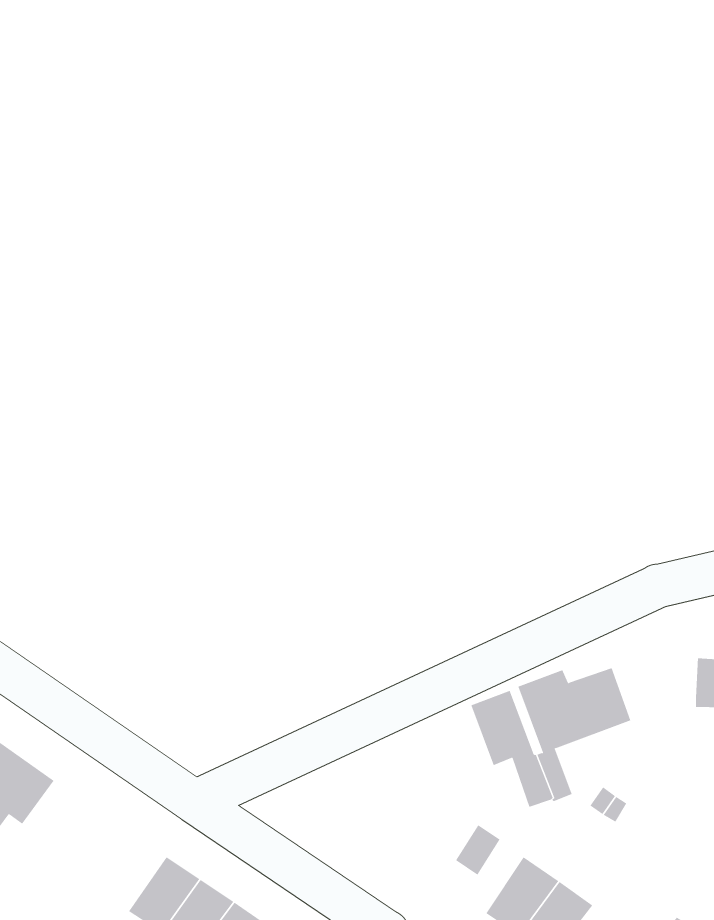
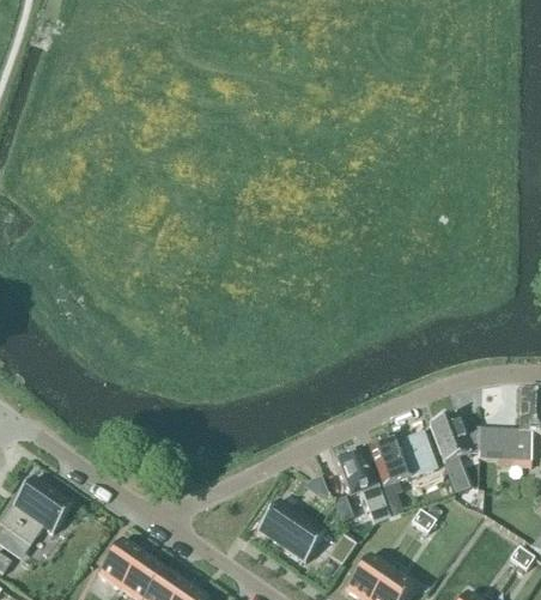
building: none -> [430,413,481,491]
building: none -> [260,499,327,562]
building: none -> [99,539,145,588]

